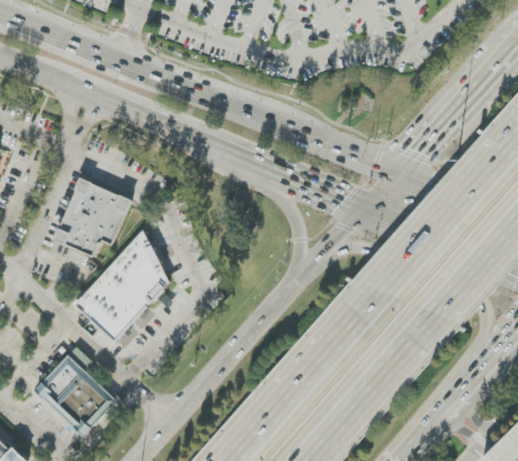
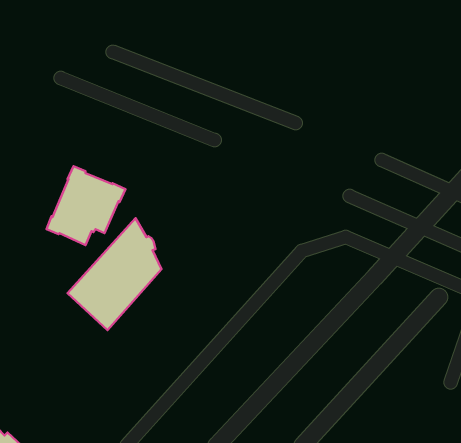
building: [35,345,117,435] -> none

